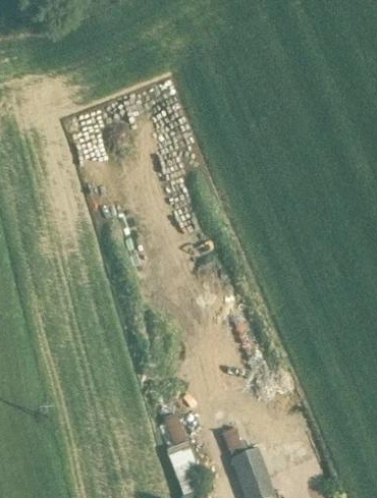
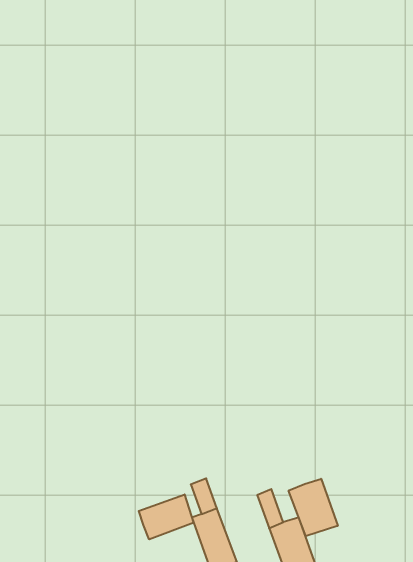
building: none -> [289,479,338,536]
building: none -> [139,494,194,539]

